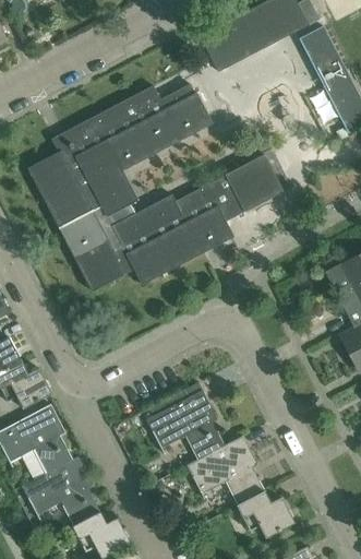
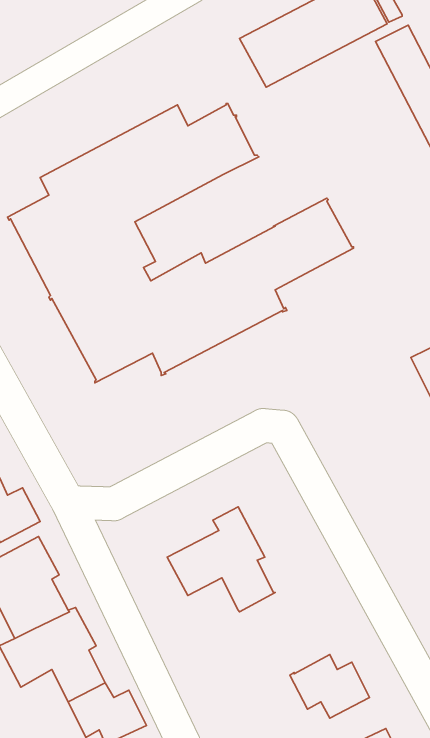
building: [186,436,265,506] -> none

